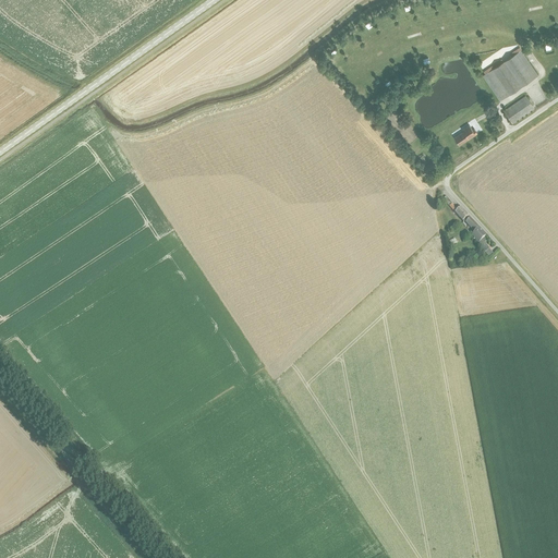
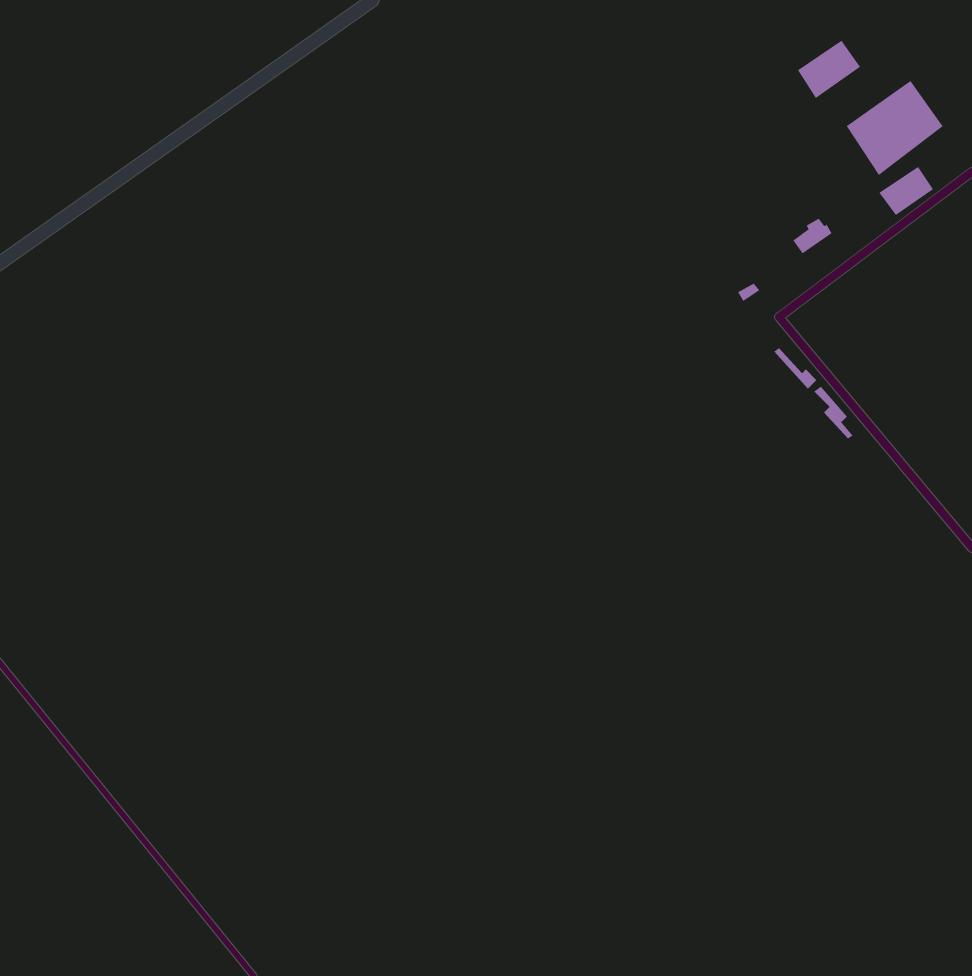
building: none -> [797,40,861,99]

